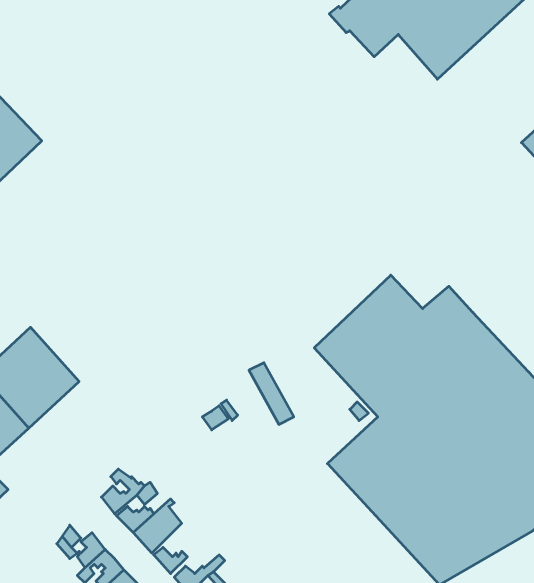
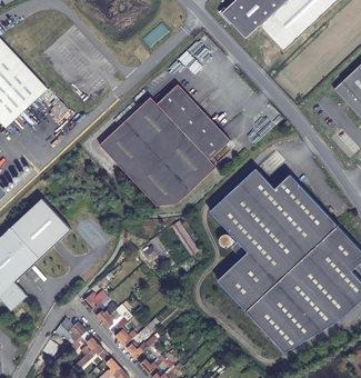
building: none -> [100,84,230,203]

